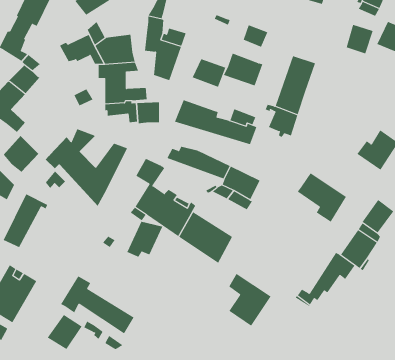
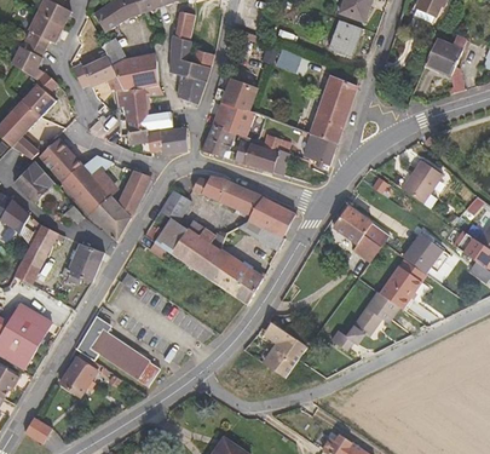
building: [346,24,373,54] -> [329,22,359,54]
building: [223,53,263,86] -> [209,100,253,137]
building: none -> [38,138,82,185]
building: [127,221,163,258] -> [65,248,105,288]

